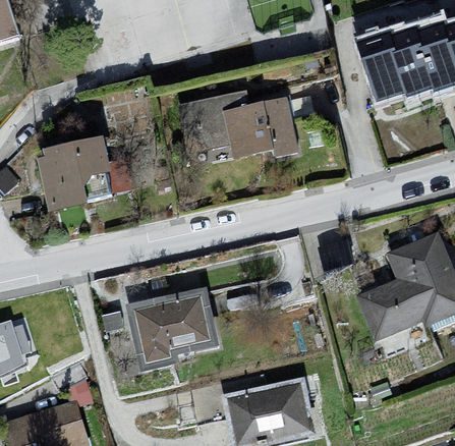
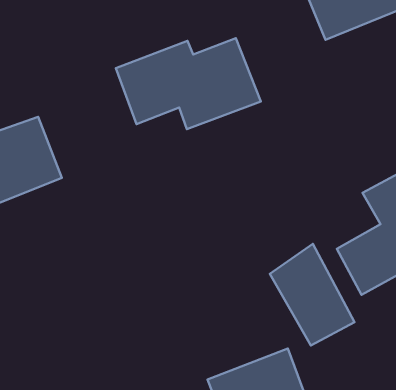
building: [126,284,220,363] -> none
building: none -> [270,244,354,346]

